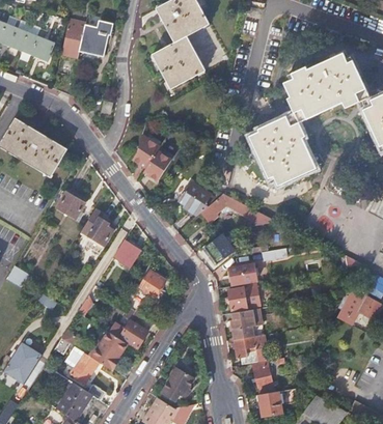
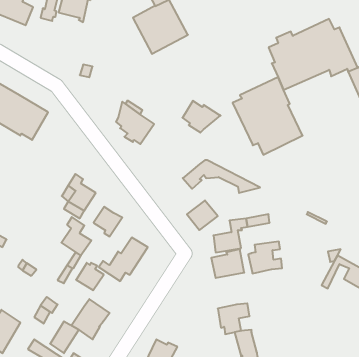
building: [179,183,216,215] -> [182,101,221,133]
building: [56,190,84,217] -> none
building: none -> [61,217,91,255]
building: [229,308,263,339] -> [248,242,282,273]
building: [120,319,147,346] -> [76,263,104,290]

